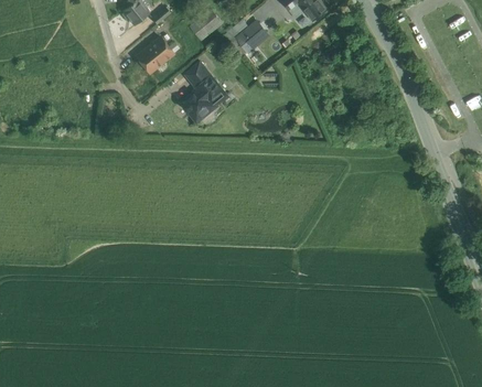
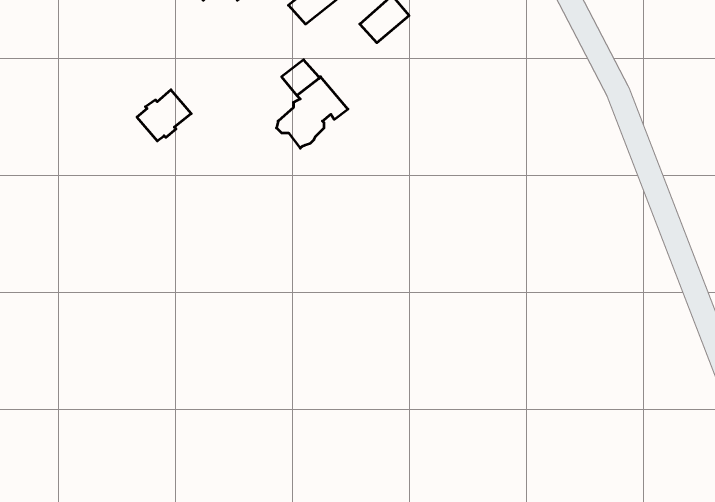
building: [139,37,174,71] -> [137,90,191,141]

